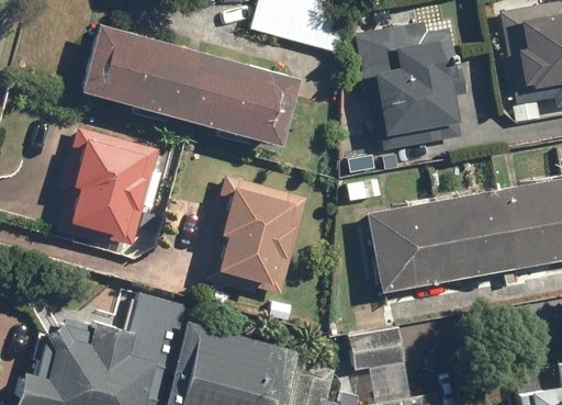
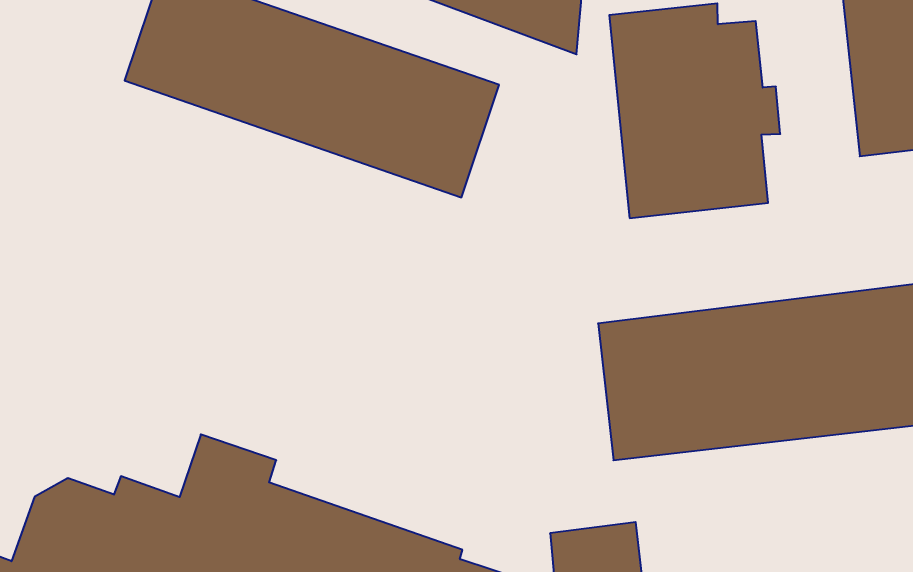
building: [56,127,159,249] -> none
building: [205,177,308,299] -> none

